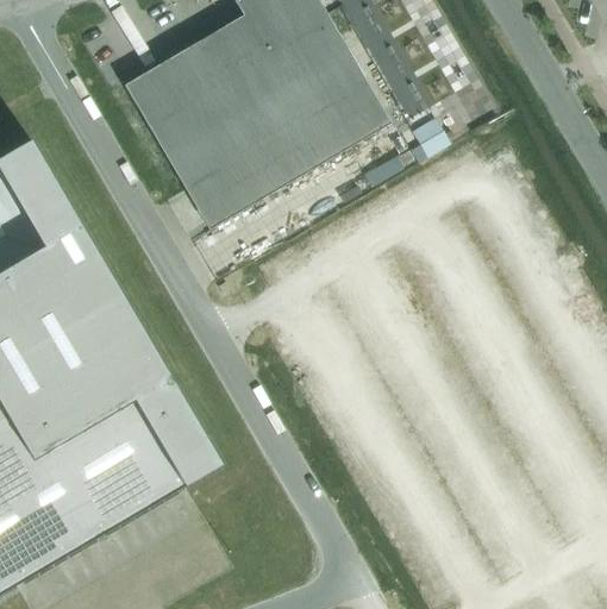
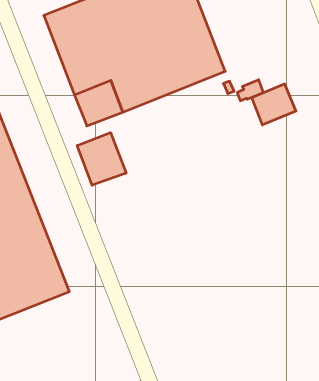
building: none -> [252,84,296,125]
building: none -> [77,133,126,185]

